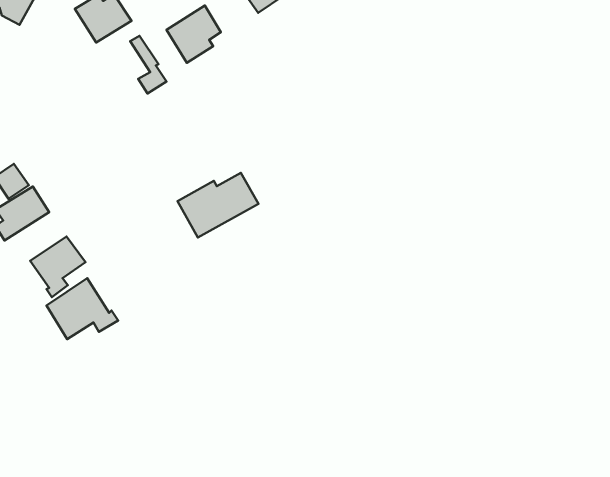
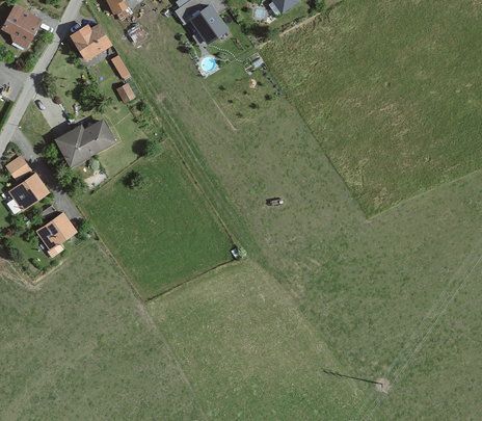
building: [167,6,221,63] -> none
building: [178,173,259,237] -> [54,117,116,167]
building: [47,278,118,339] -> none

